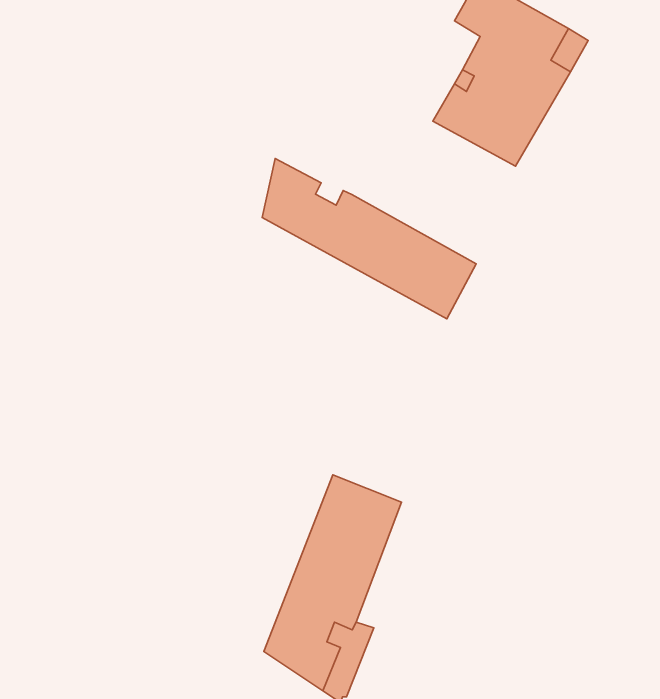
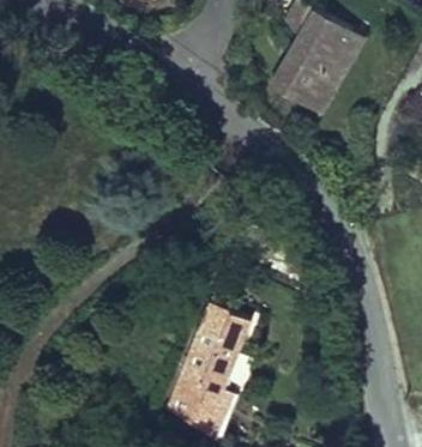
building: [262,158,476,319] -> none

